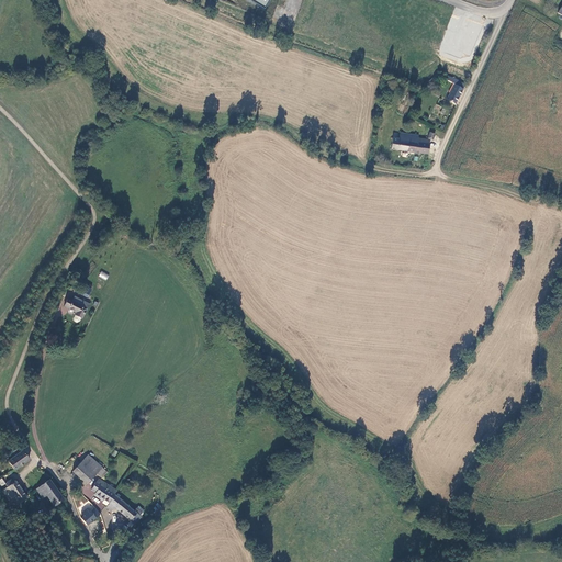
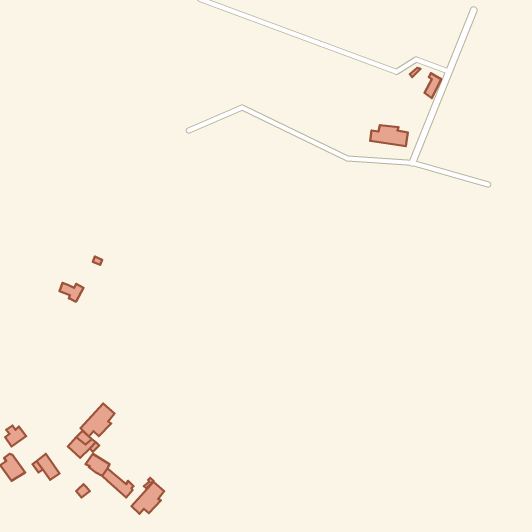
building: none -> [80,403,115,436]
building: none -> [132,482,164,514]

